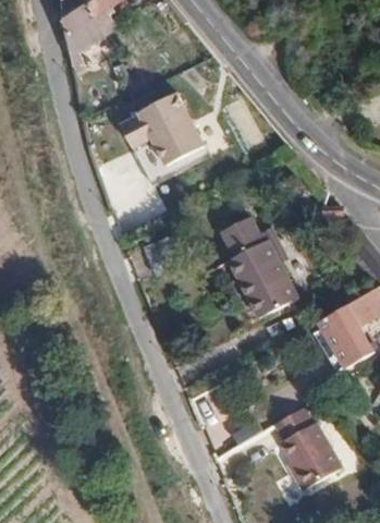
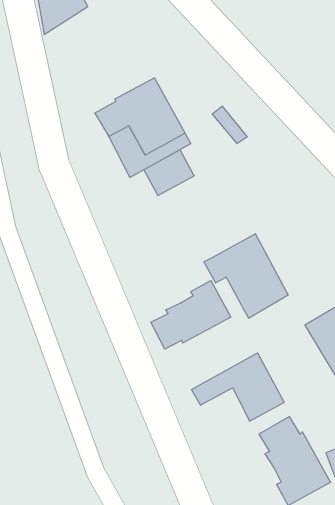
building: [217,216,263,258] -> [144,150,194,196]
building: none -> [151,281,231,349]
building: none -> [192,353,284,421]

